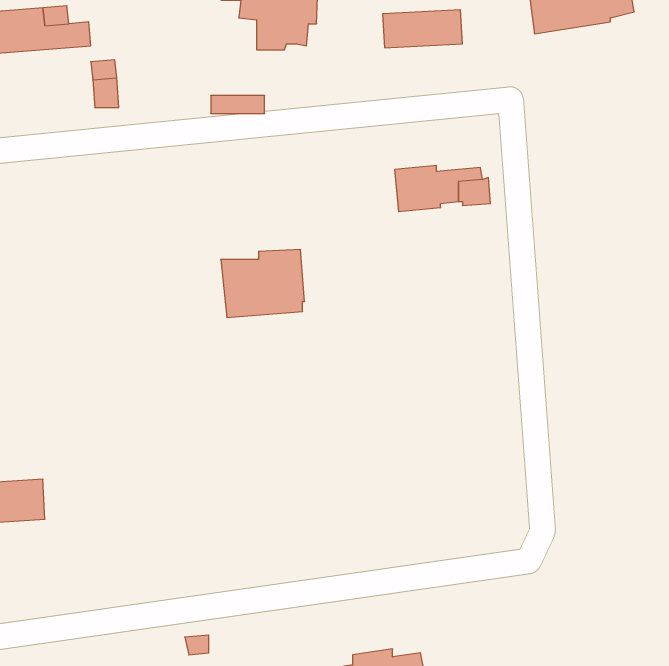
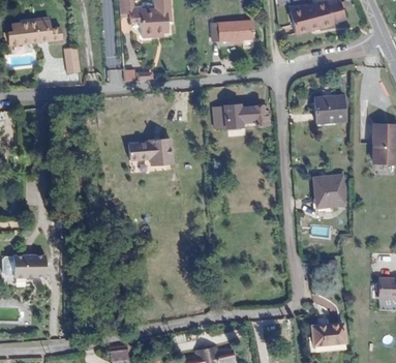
building: none -> [314,95,345,123]
building: none -> [312,178,343,209]
building: none -> [308,311,344,342]

